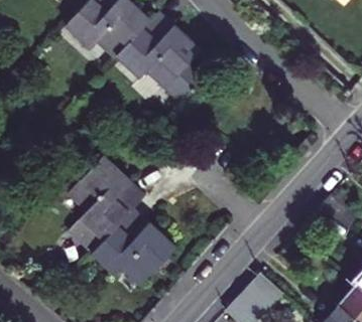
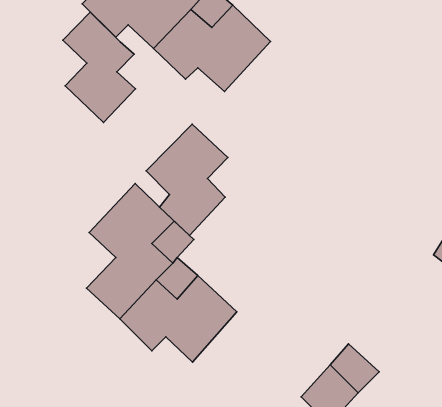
building: none -> [63,12,135,123]
building: none -> [146,124,228,235]

